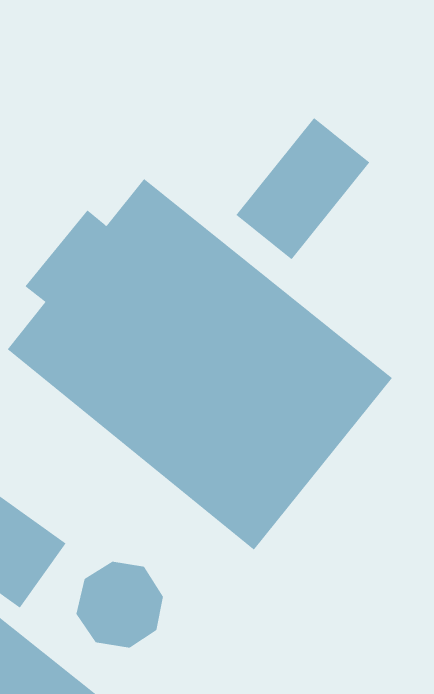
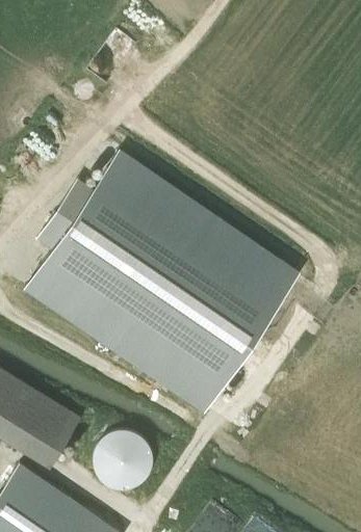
building: [235,117,370,260] -> none

